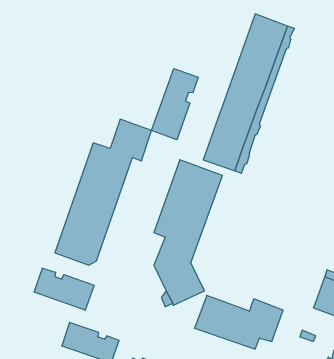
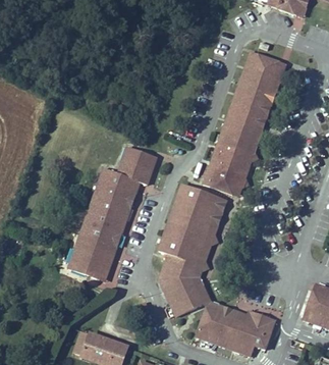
building: [152,69,198,140] -> none
building: none -> [191,198,246,321]
building: [34,268,94,310] -> none

